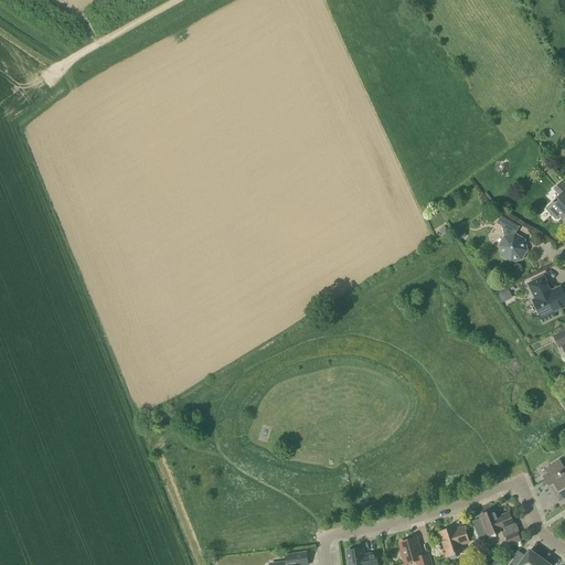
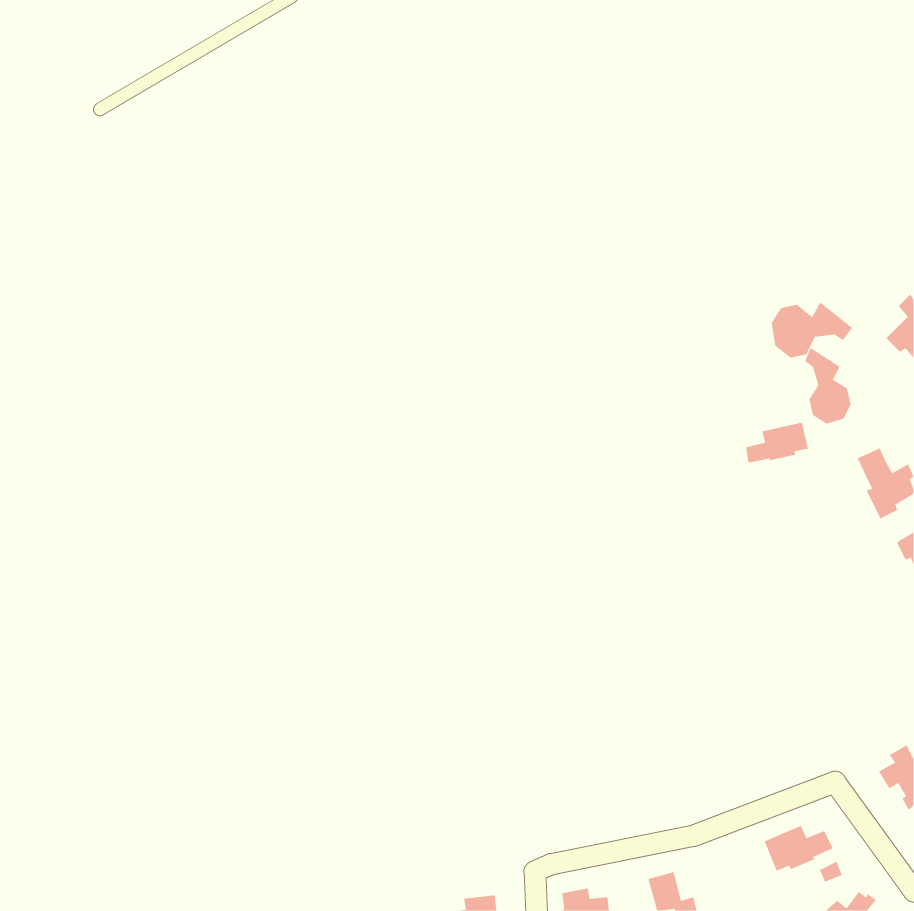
building: none -> [771,302,853,359]
building: none -> [746,422,809,463]
building: [439,526,469,556] -> none

